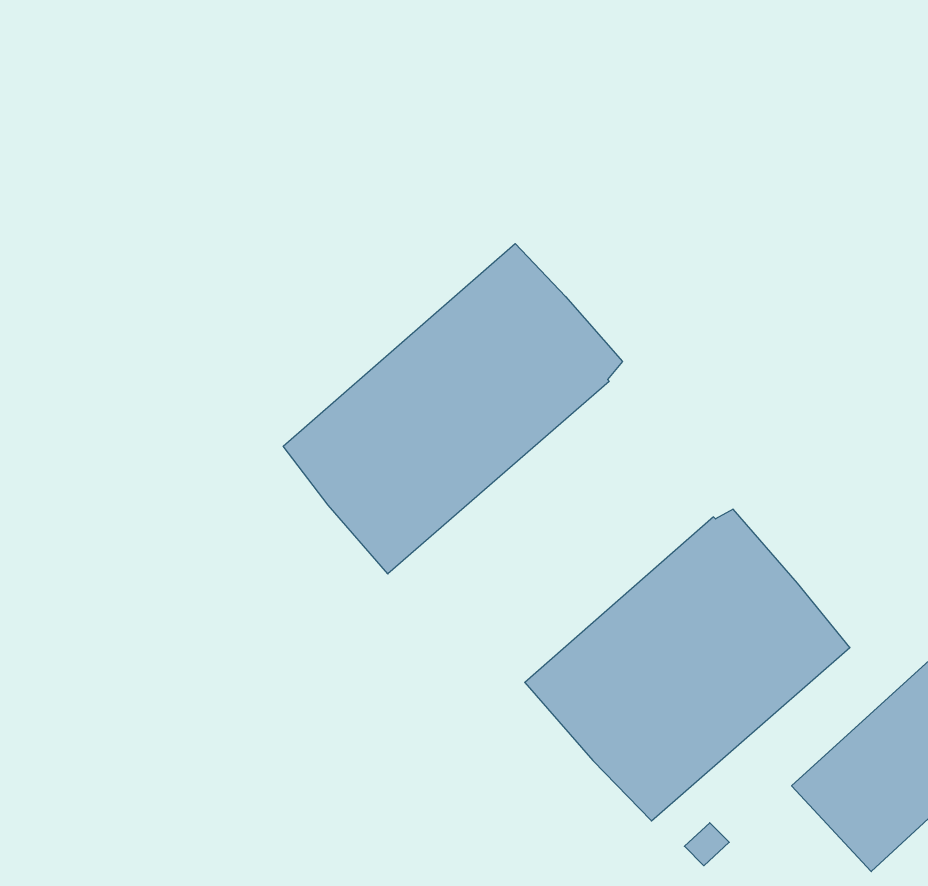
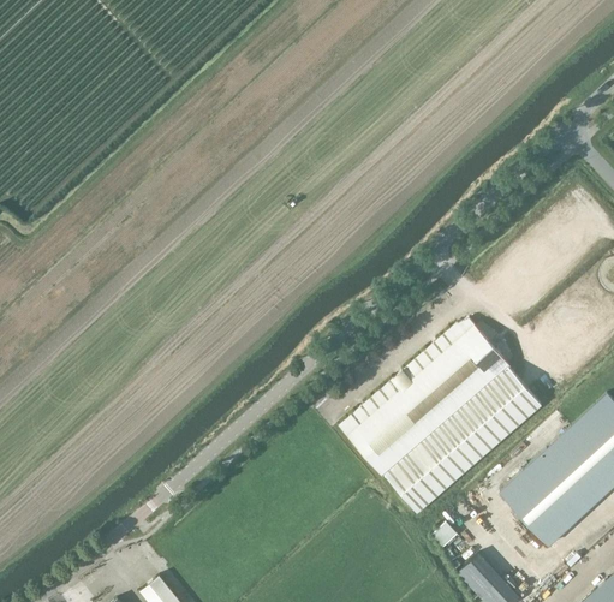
building: [283,244,622,574] -> none

